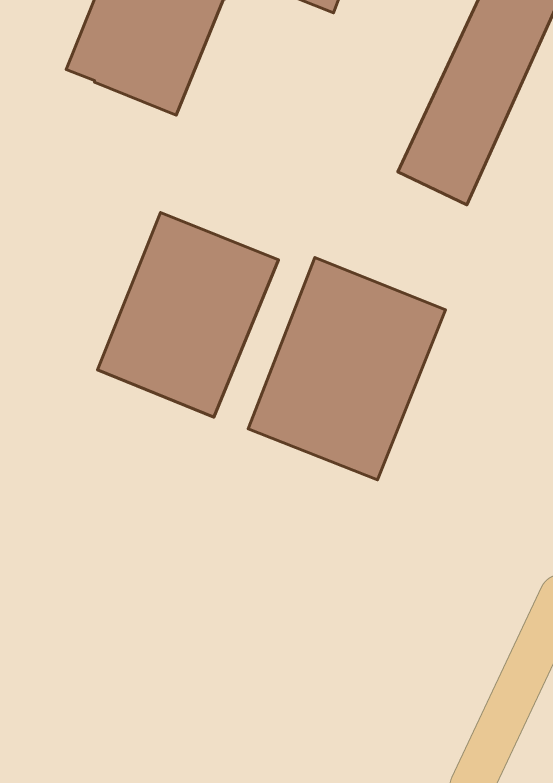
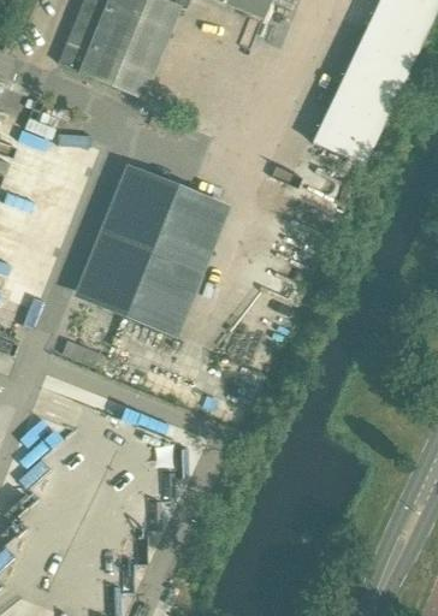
building: [248,258,446,480] -> none

